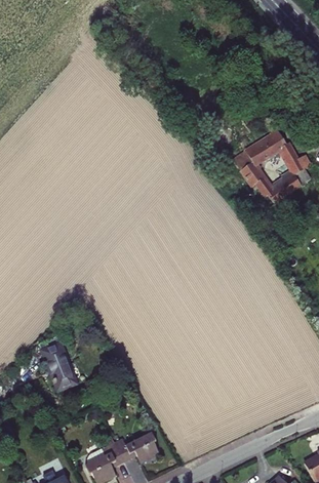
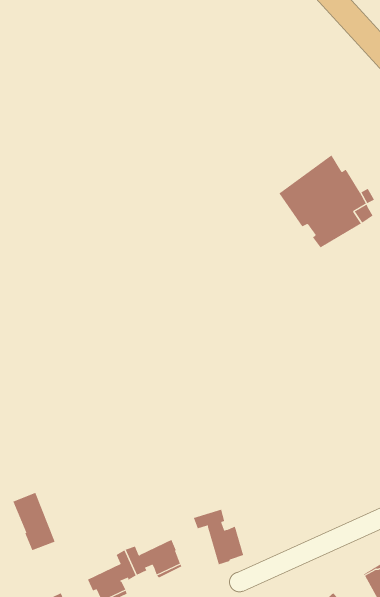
building: [41,344,75,390] -> [12,492,55,551]
building: none -> [193,509,244,565]

